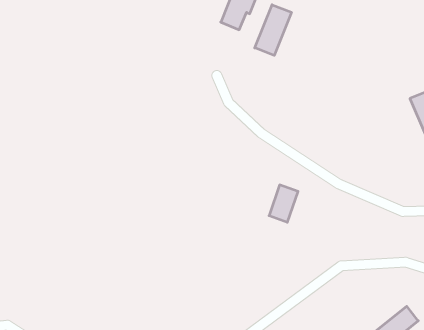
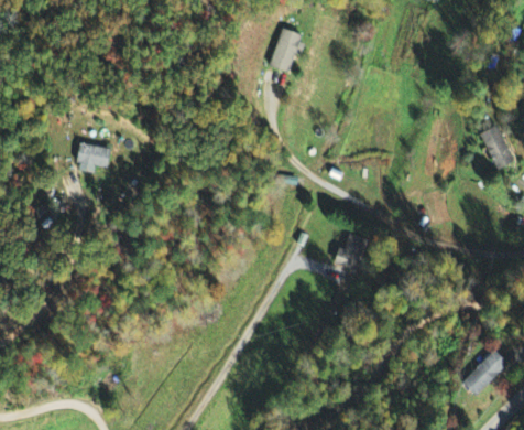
building: [255,5,291,55] -> none
building: none -> [83,144,116,172]

